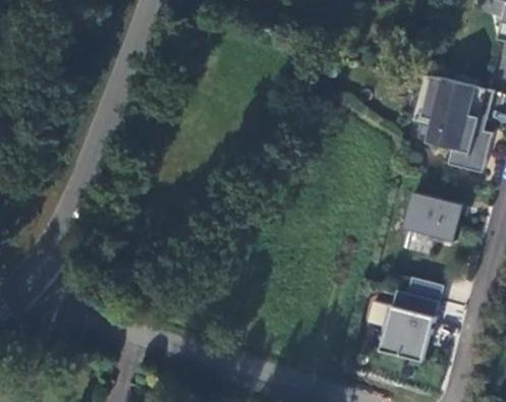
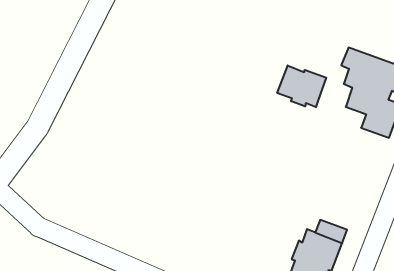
building: none -> [277,65,326,107]
building: [405,192,464,240] -> none

